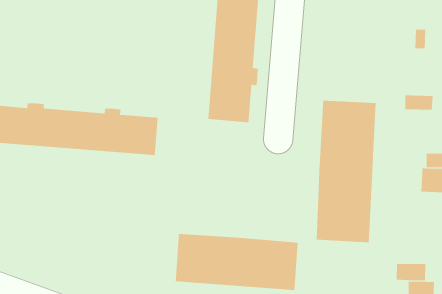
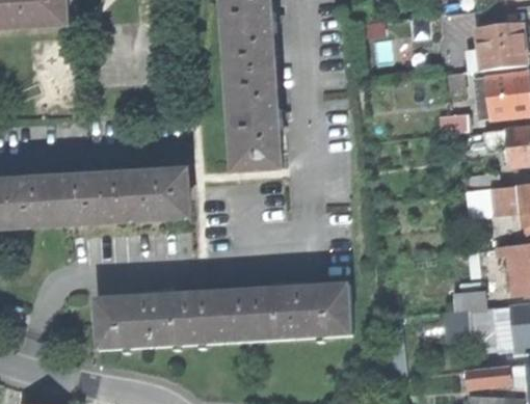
building: [316,100,377,243] -> none
building: none -> [94,292,224,350]

